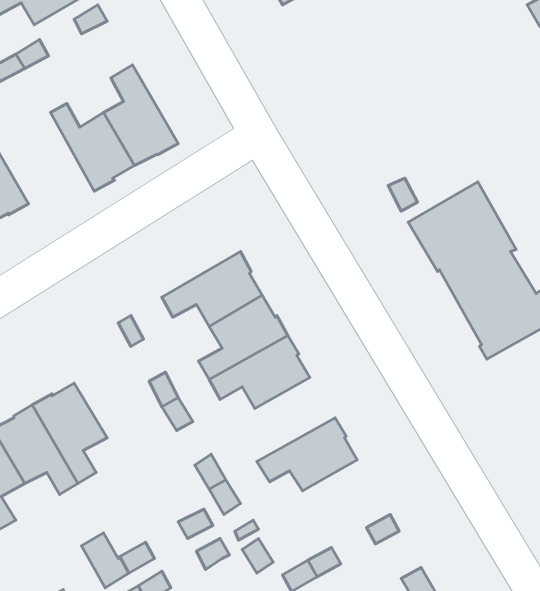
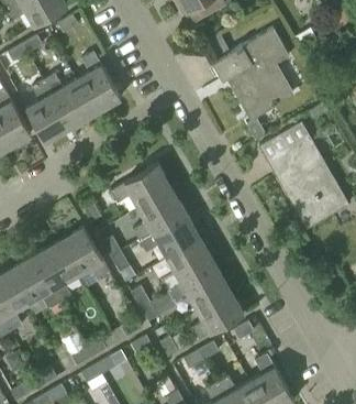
building: none -> [212,26,294,117]
building: none -> [26,79,70,142]
building: none -> [58,226,111,282]
building: none -> [162,239,215,290]
building: none -> [190,288,244,340]

